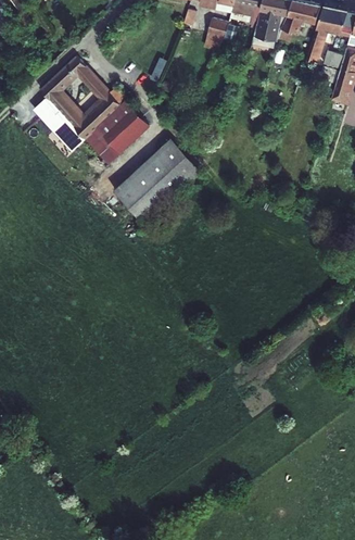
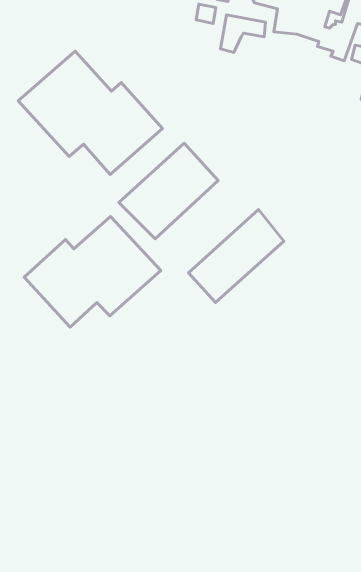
building: none -> [188,209,284,302]
building: none -> [24,216,161,327]

